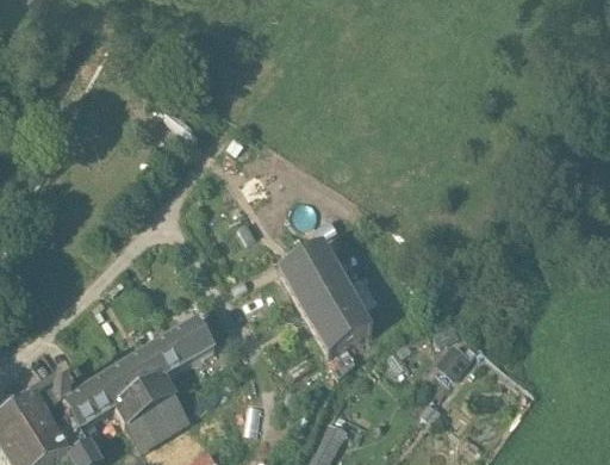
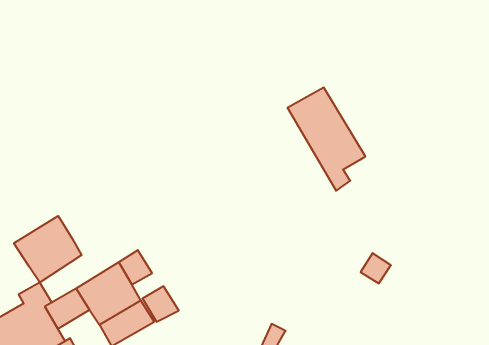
building: [281,246,373,367] -> [287,88,365,191]
building: none -> [14,216,82,282]
building: [172,317,214,359] -> [142,286,179,322]

